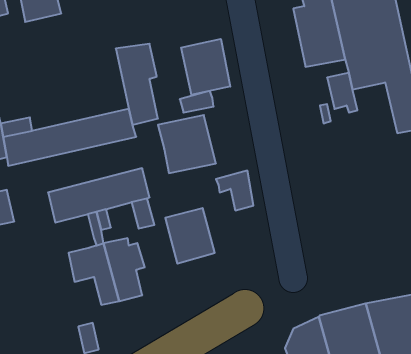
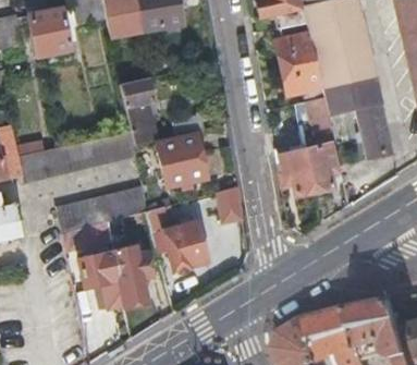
building: [181,39,230,95] -> none
building: none -> [277,142,333,198]

